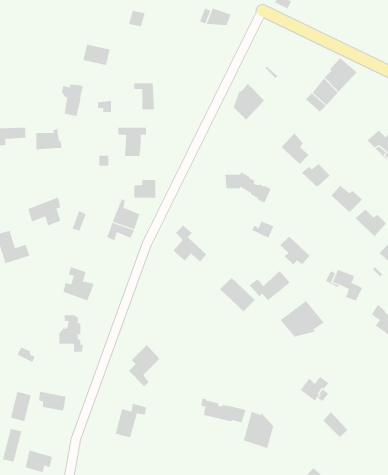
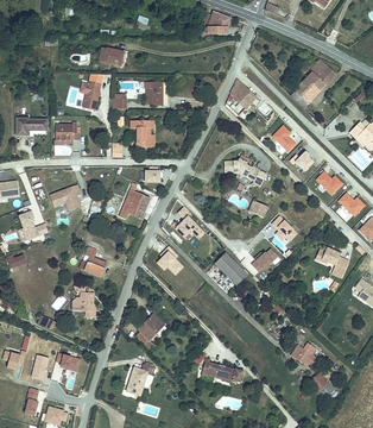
building: [280,300,325,338] -> none
building: [243,411,274,449] -> none

